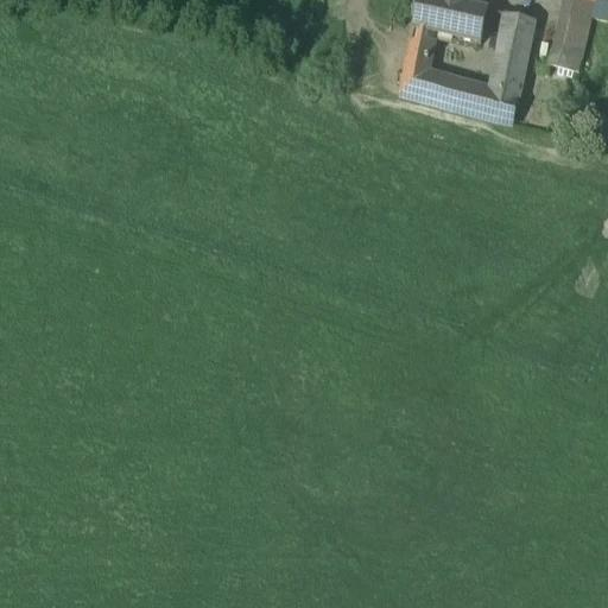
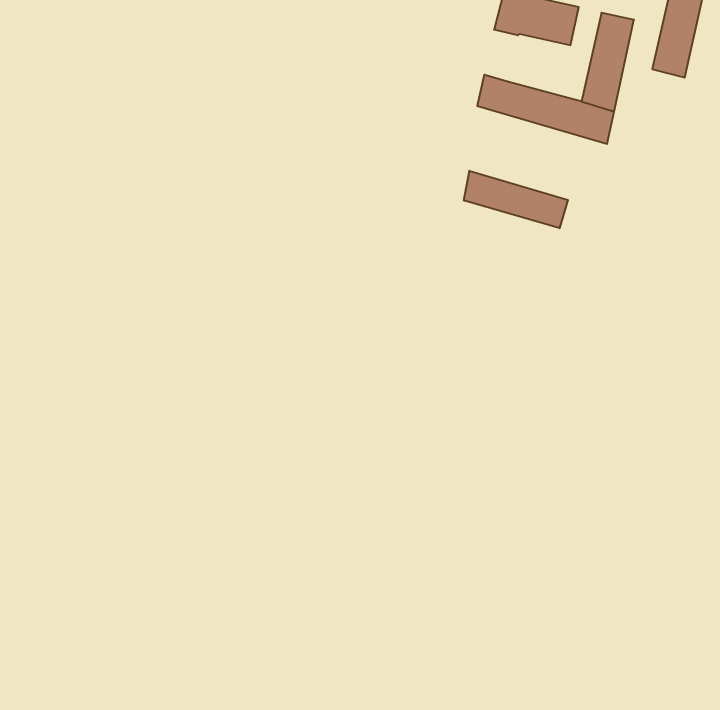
building: [408,25,437,69] -> none
building: none -> [464,171,568,228]

